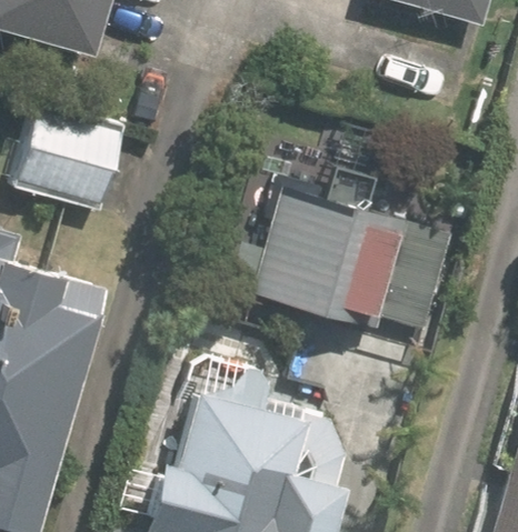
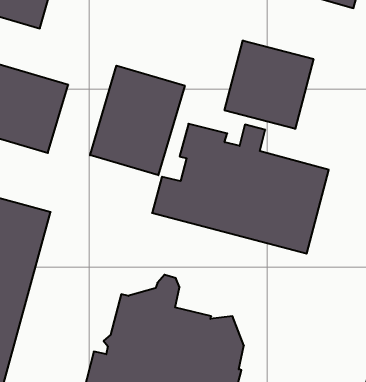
building: none -> [225,40,313,129]
building: none -> [90,66,185,175]

